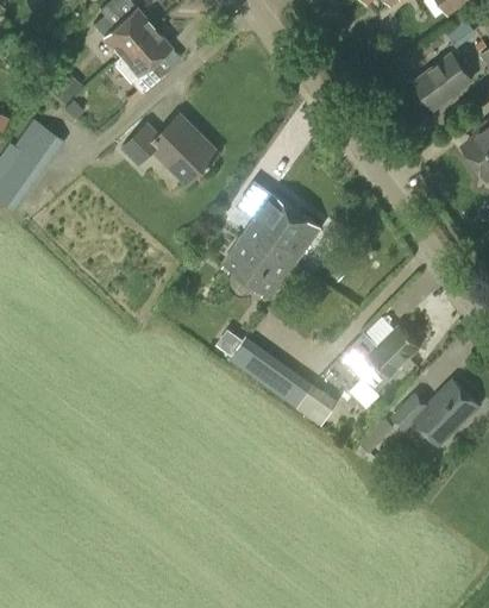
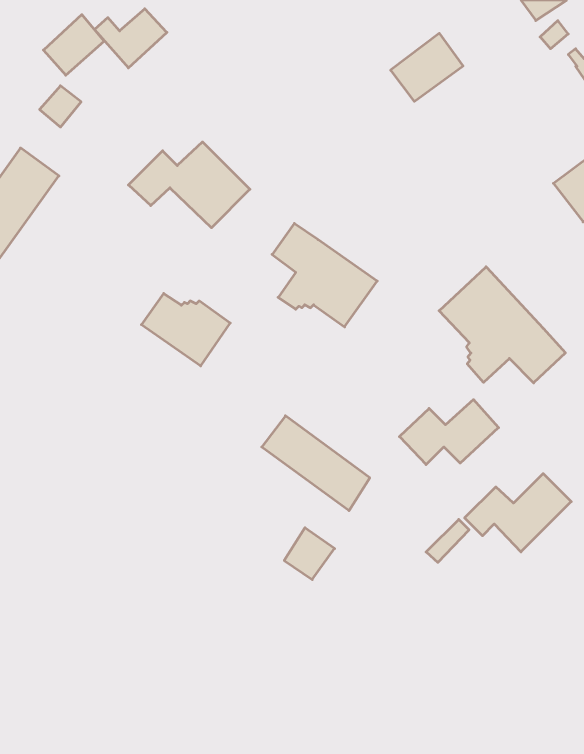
building: [120,27,169,76] -> [43,15,104,75]
building: [413,55,471,109] -> [391,33,463,101]
building: none -> [439,267,565,383]
building: [222,240,294,299] -> [141,293,230,366]
building: [297,386,338,427] -> [284,528,335,580]

